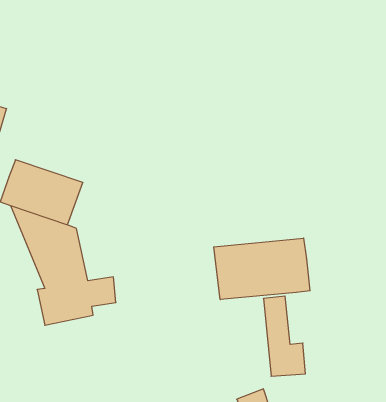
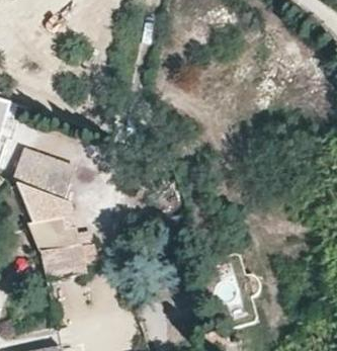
building: [214,238,310,300] -> none

